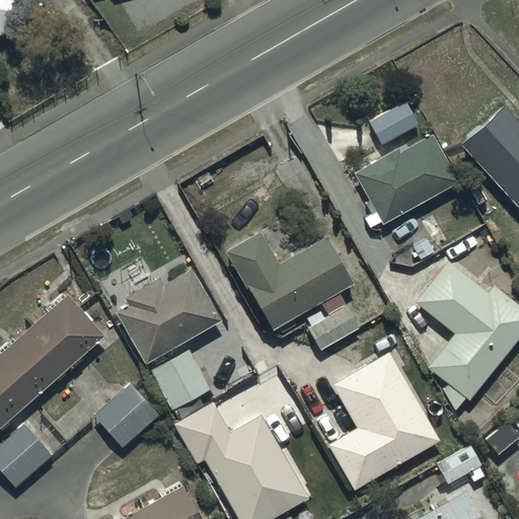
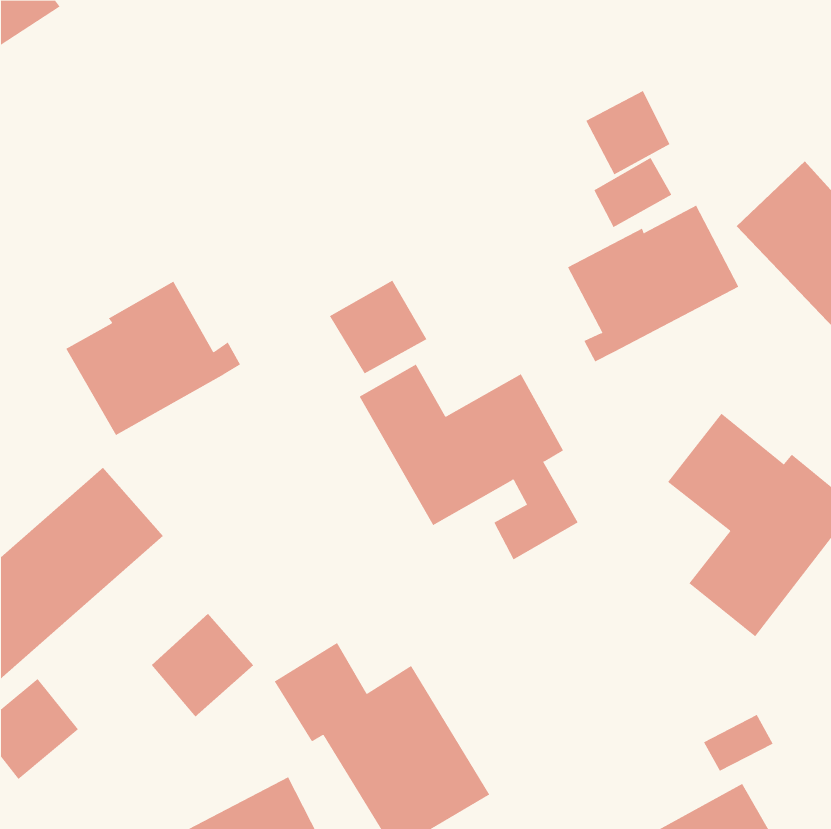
building: none -> [586,90,670,175]
building: none -> [329,280,427,374]
building: none -> [66,281,241,436]
building: [115,267,222,411] -> none
building: [326,351,440,491] -> none

